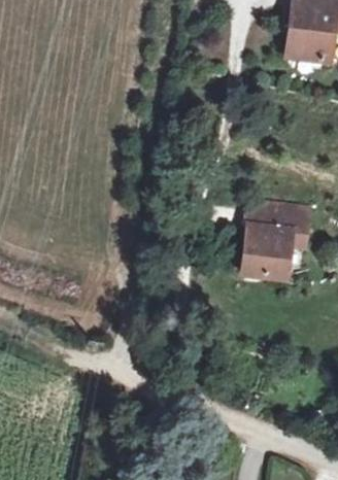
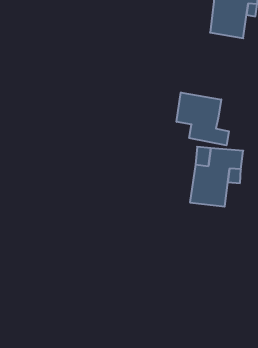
building: none -> [177,92,229,145]

